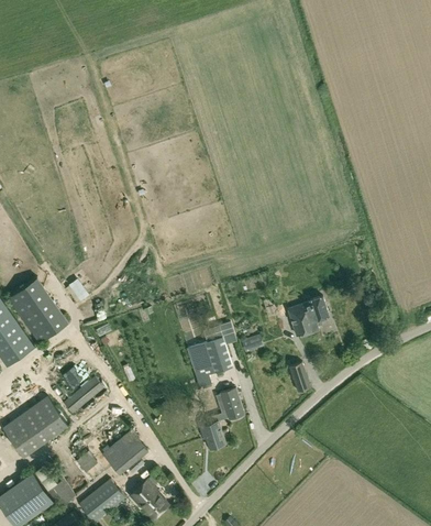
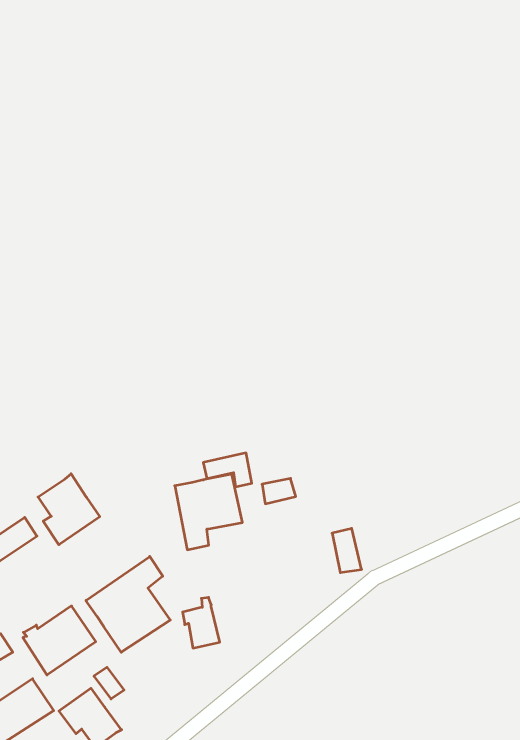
building: [288,297,329,337] -> none
building: none -> [38,474,100,545]
building: [216,388,244,421] -> none
building: none -> [86,556,170,652]

